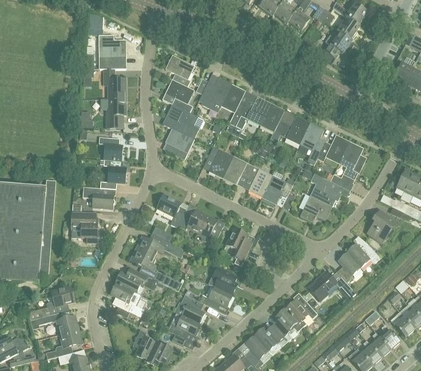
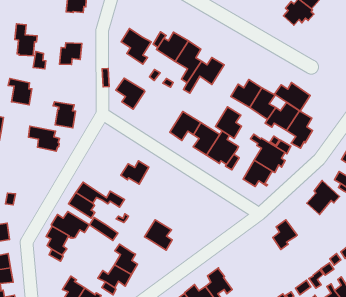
building: [165,54,193,85] -> none
building: [103,68,125,99] -> [15,24,37,56]
building: [164,103,198,138] -> none
building: [259,104,285,135] -> [215,107,241,139]
building: none -> [274,83,310,111]
building: [98,136,122,160] -> [8,79,32,105]
building: [207,145,233,177] -> none
building: [156,193,184,227] -> none
building: [71,211,97,242] -> none
building: [197,214,220,243] -> none
building: [225,228,250,261] -> none
building: [346,243,379,270] -> none
building: [309,270,354,300] -> none
building: [198,286,231,310] -> none
building: [285,296,316,327] -> none

